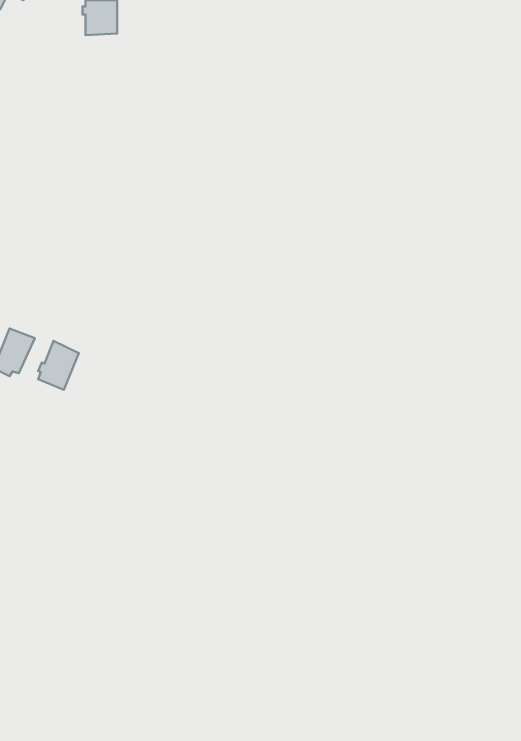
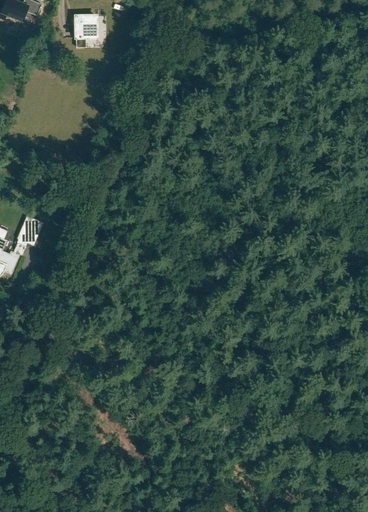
building: [38,341,79,390] -> none

